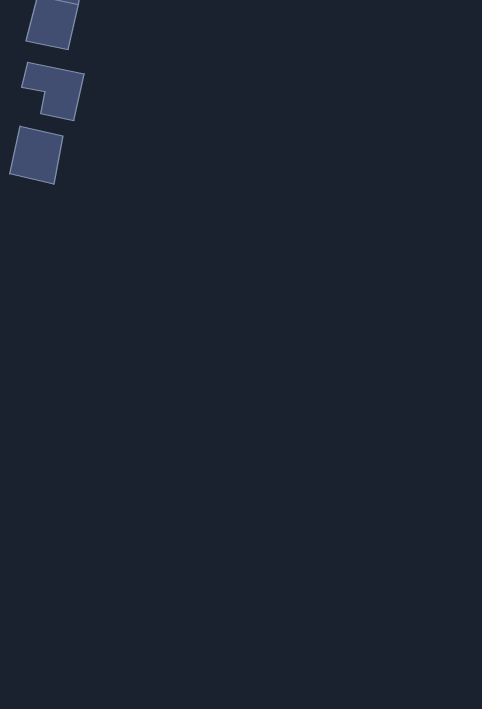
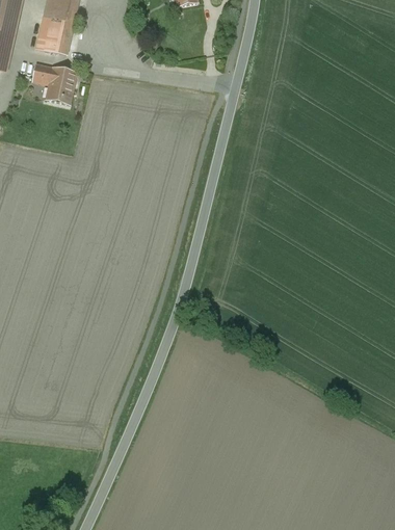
building: [10,126,63,184] -> none

